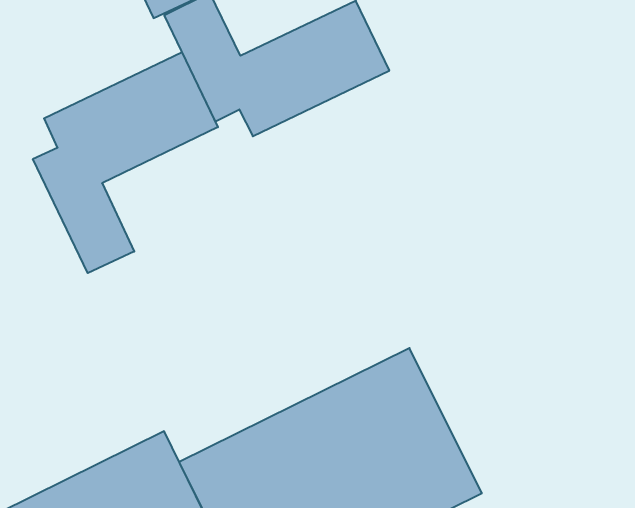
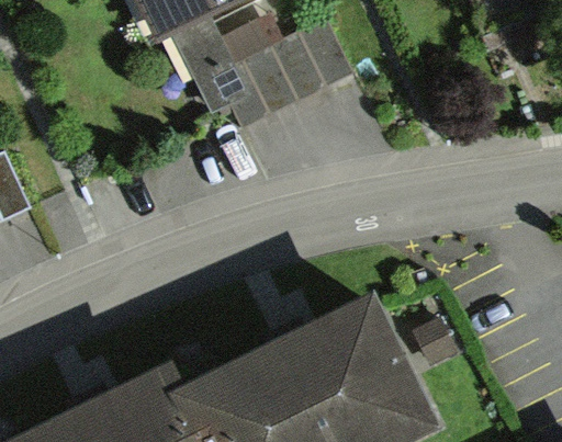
building: [33,52,218,273] -> none

